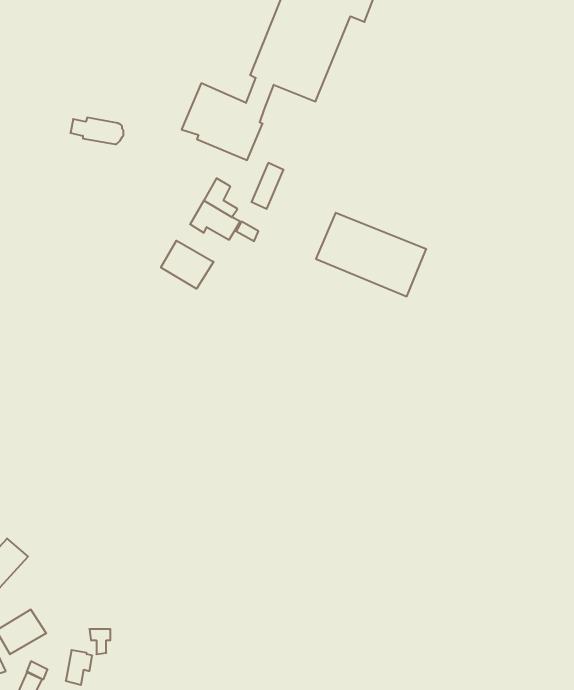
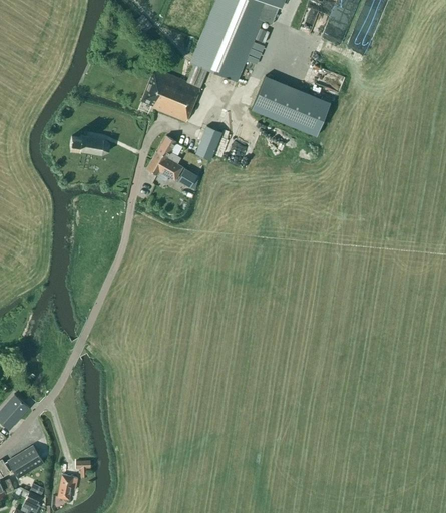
building: [70,118,123,144] -> [70,135,108,154]
building: [316,213,426,296] -> [252,75,331,135]
building: [161,241,214,289] -> none

